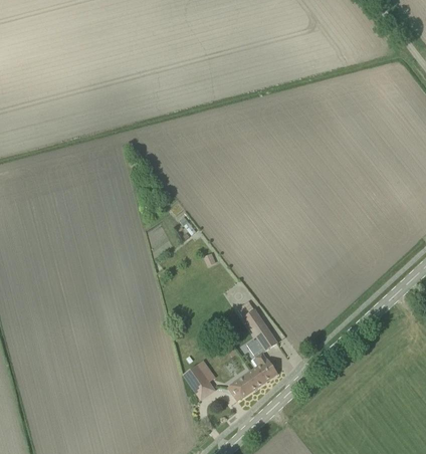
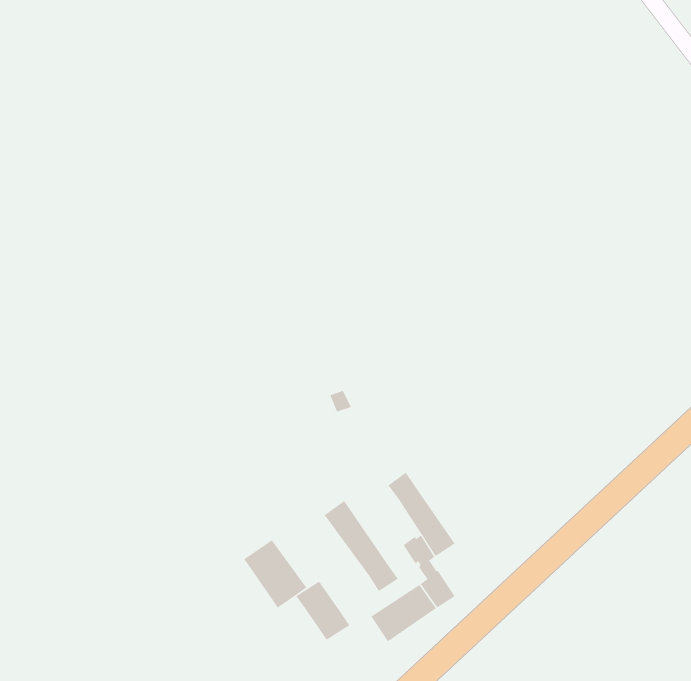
building: none -> [324,500,399,592]
building: none -> [243,540,307,609]

